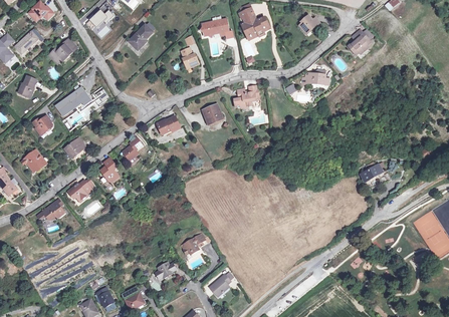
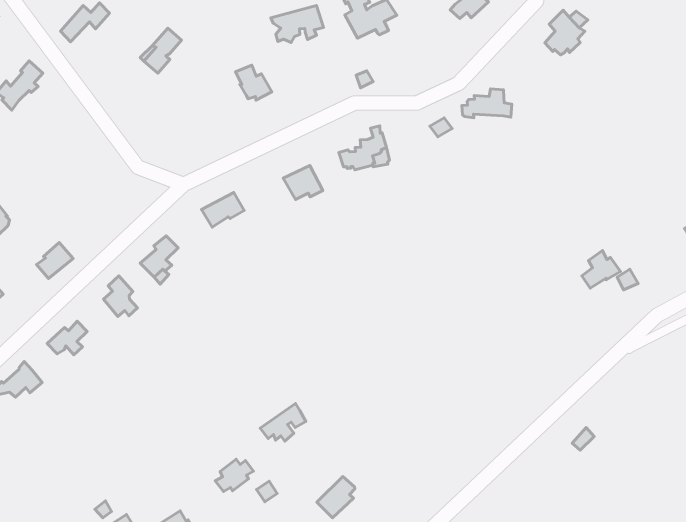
building: [56,87,91,115] -> none

